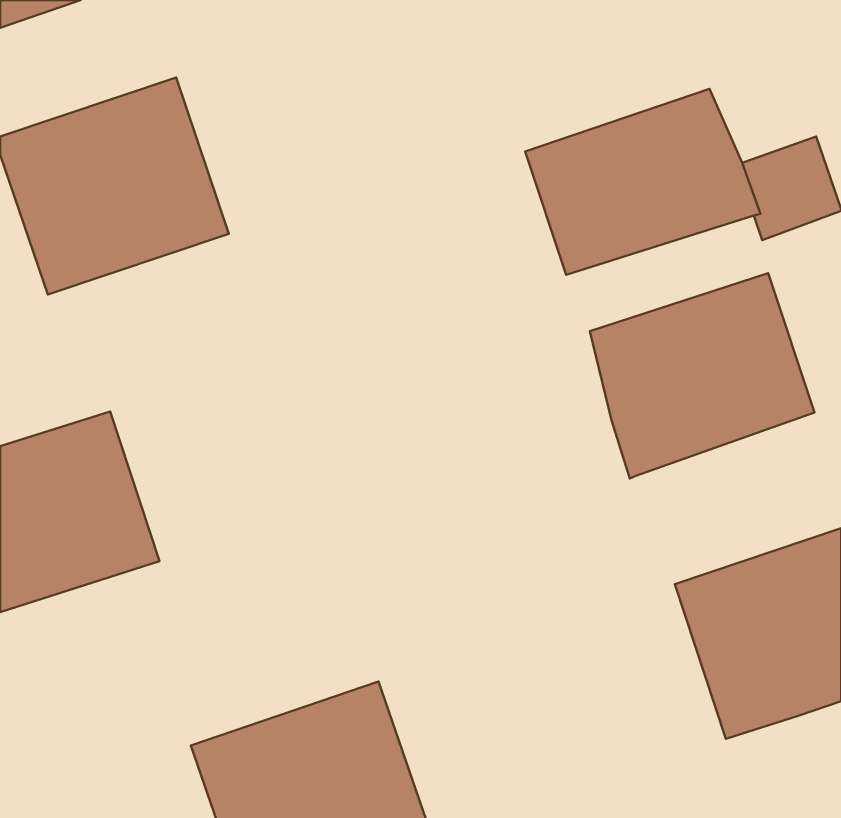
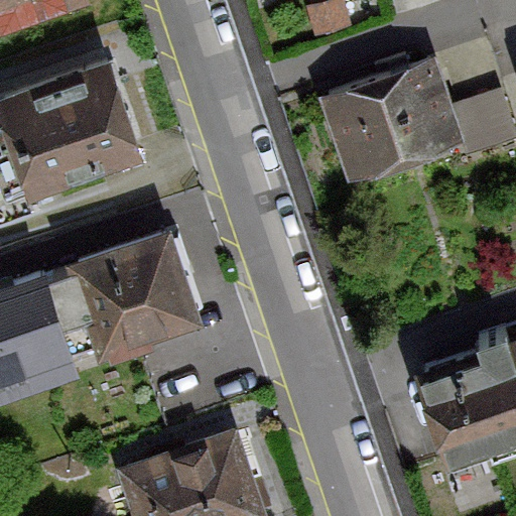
building: [590,273,815,478] -> none
building: none -> [68,232,202,358]

